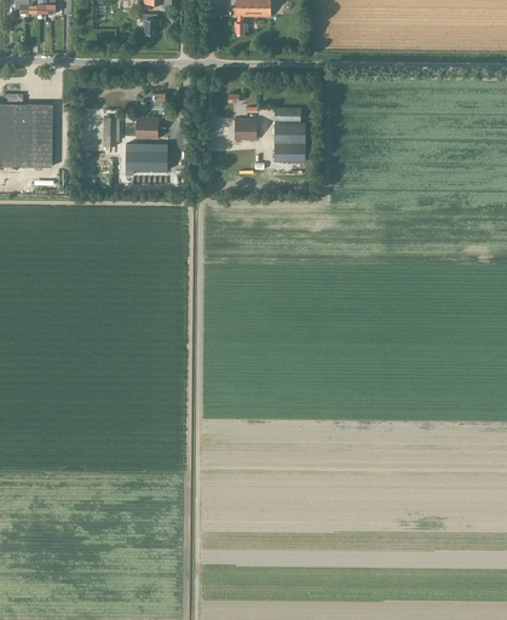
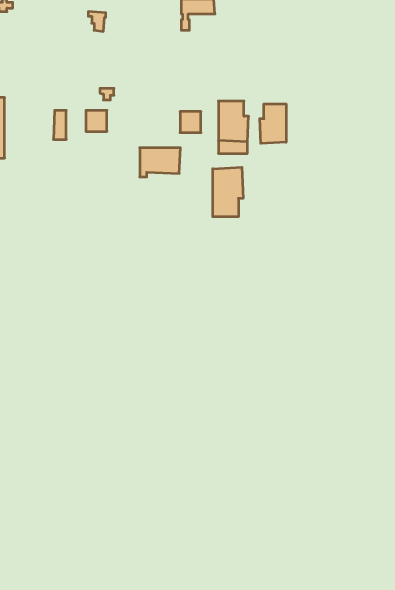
building: none -> [260,104,286,143]
building: [126,143,168,173] -> [140,148,180,177]
building: none -> [213,167,243,217]

